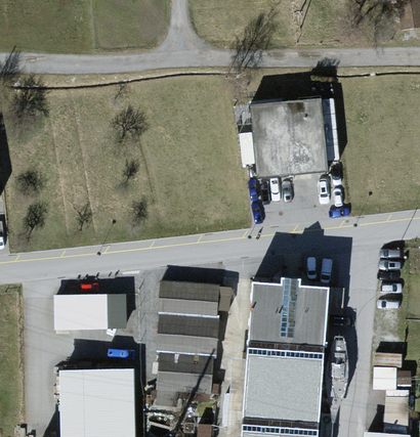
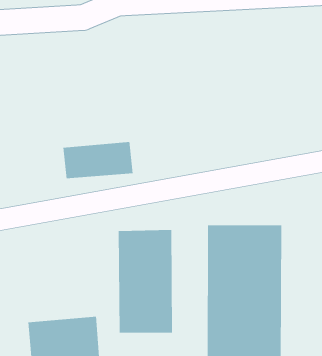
building: [250,98,327,176] -> none
building: [52,295,124,329] -> [63,141,133,179]

